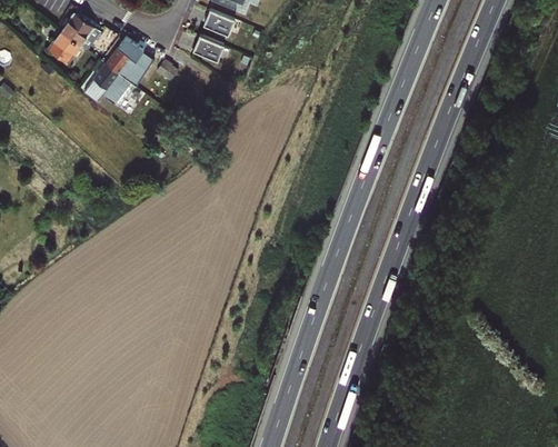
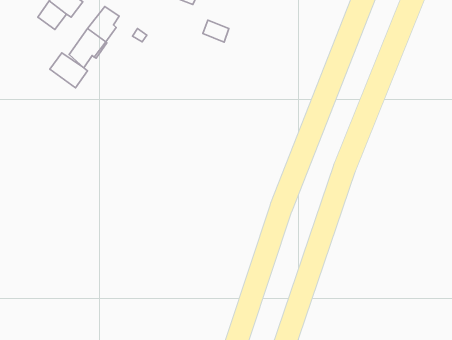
building: [193,36,223,61] -> [203,20,229,42]
building: none -> [50,53,87,88]

